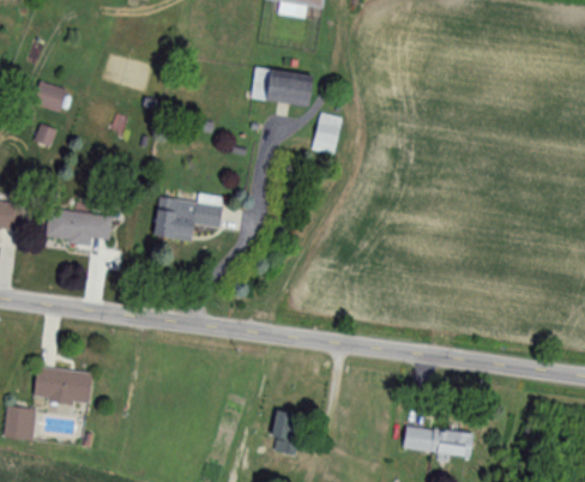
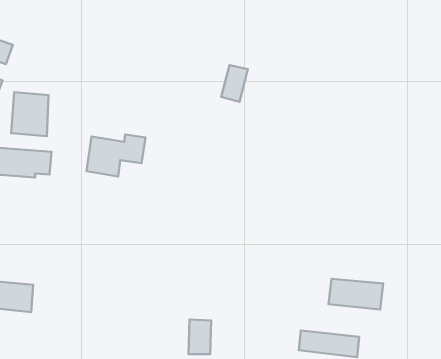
building: [252,67,312,107] -> none
building: none -> [11,92,49,136]
building: none -> [329,279,383,310]

